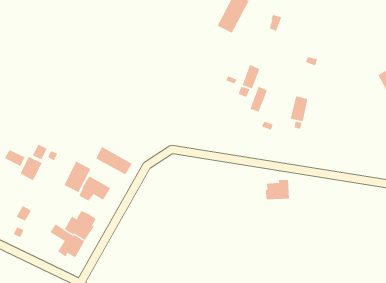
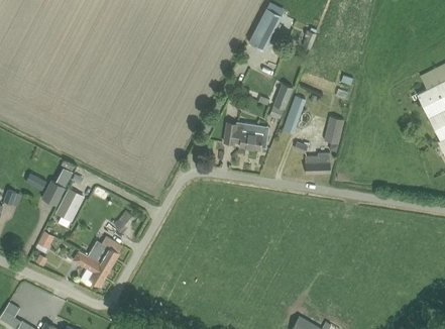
building: none -> [223,122,266,150]
building: [96,146,132,175] -> none
building: [63,161,91,193] -> [54,189,84,222]
building: [265,180,290,200] -> [304,153,330,175]

